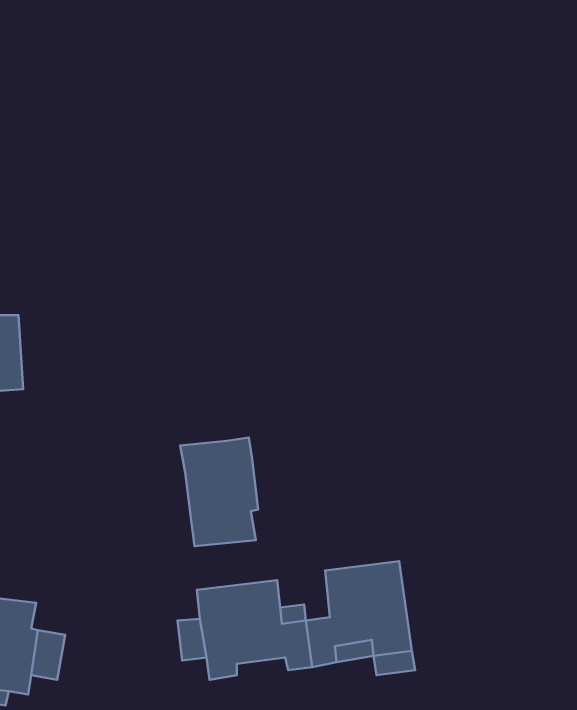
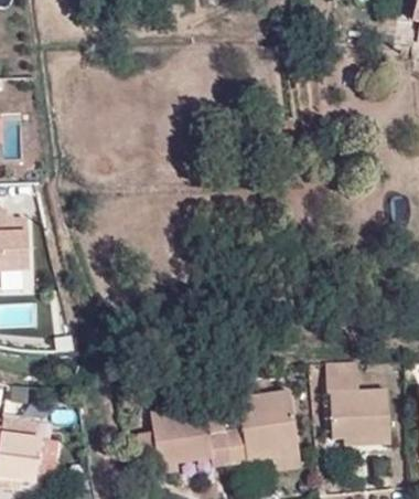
building: [180,438,258,546] -> none
building: none -> [325,373,390,443]

